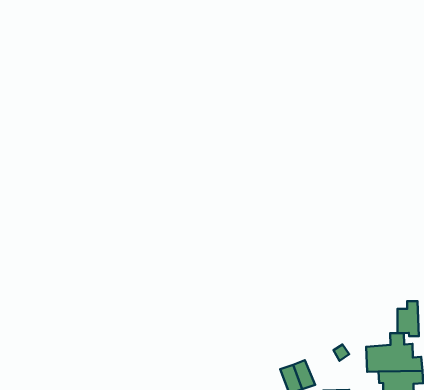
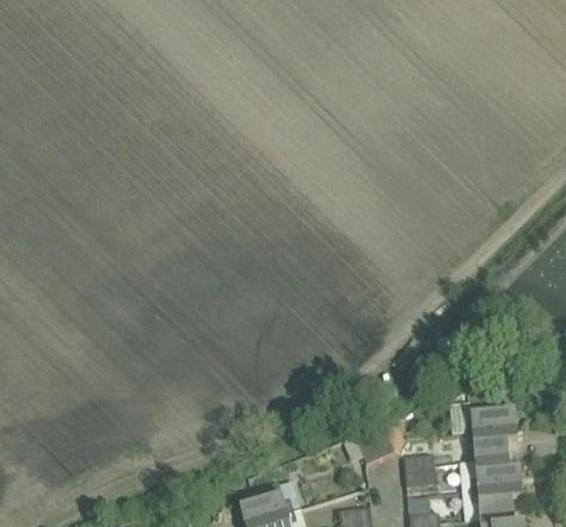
building: [398,301,419,336] -> none

